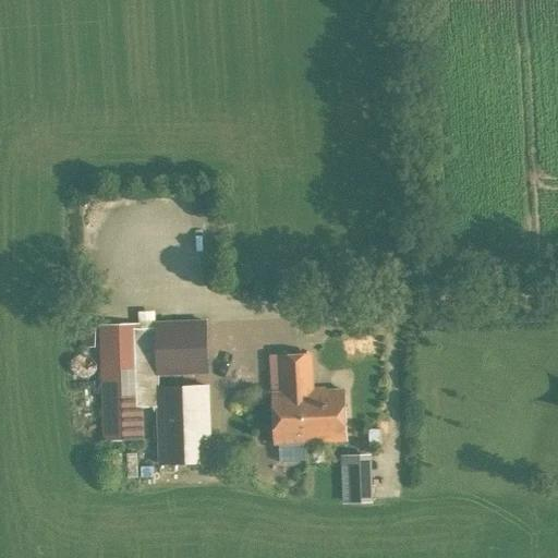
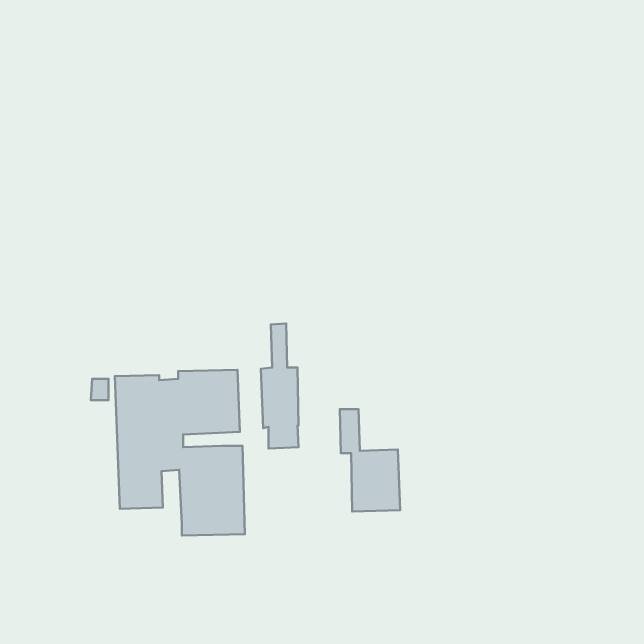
building: [271,353,304,461] -> [261,323,299,448]
building: [339,453,372,502] -> none

